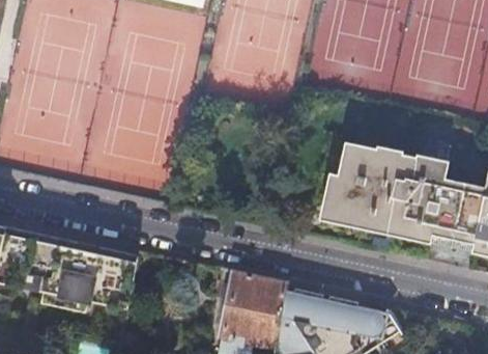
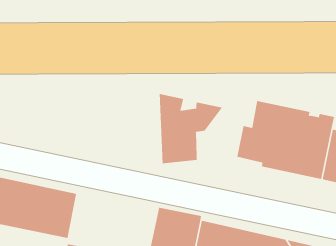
building: none -> [159,93,223,164]

